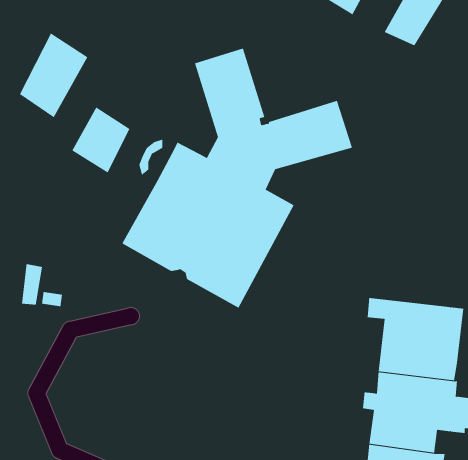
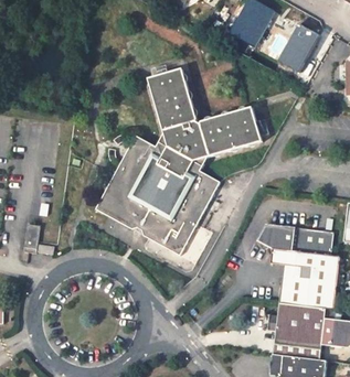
building: [19,32,88,118] -> none
building: [72,107,130,173] -> none
building: none -> [256,223,332,255]

